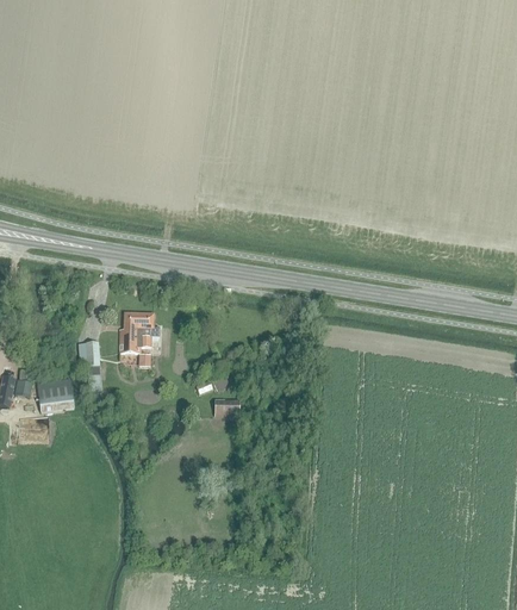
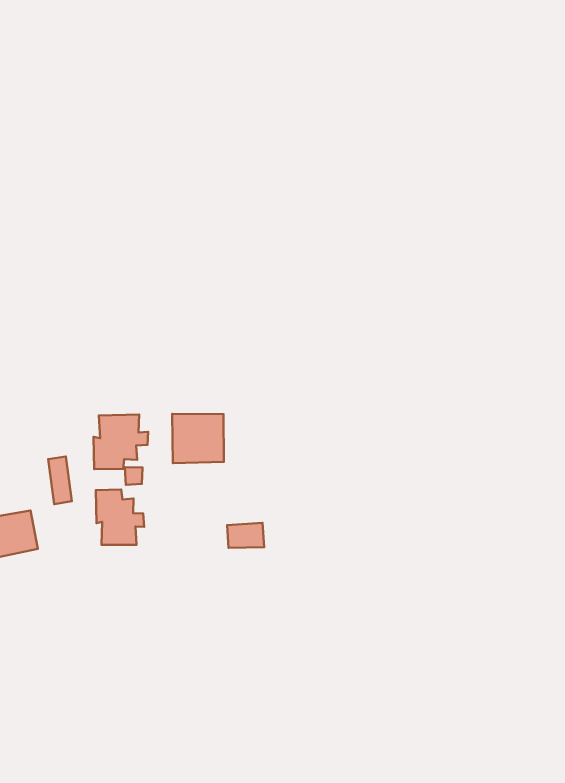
building: none -> [172,414,224,463]
building: none -> [96,490,144,545]

